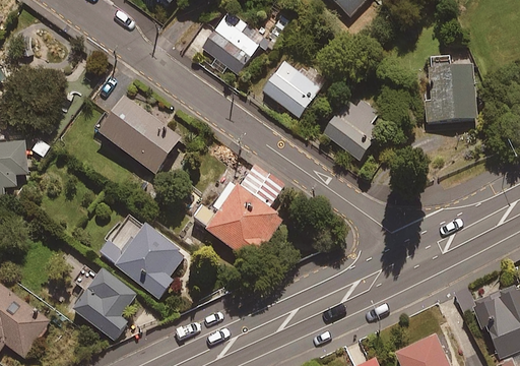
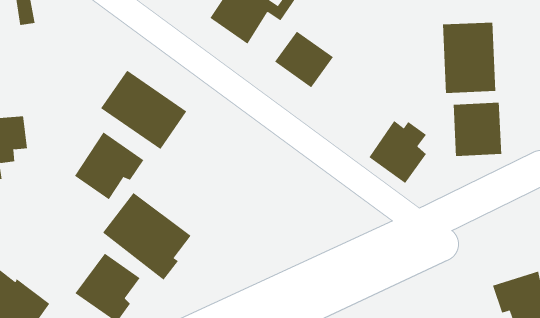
building: [324,96,380,157] -> [368,120,427,184]
building: none -> [453,102,502,157]
building: none -> [74,132,144,200]
building: [194,167,282,262] -> none

